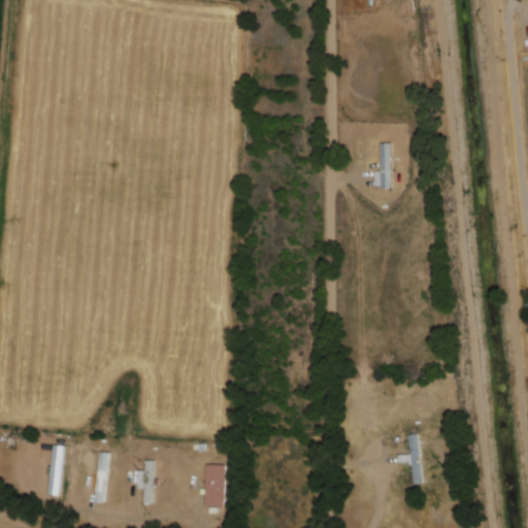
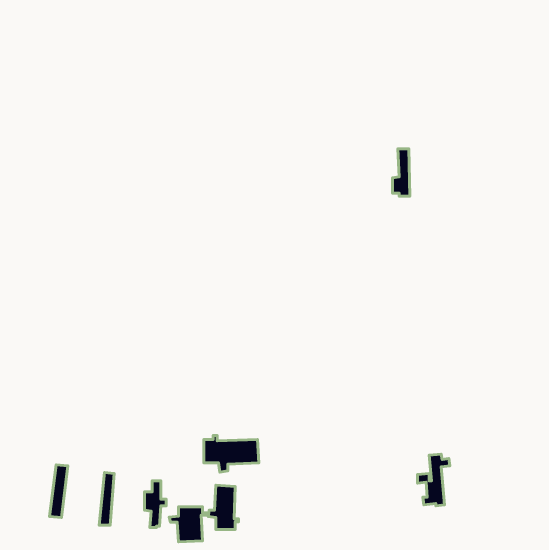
building: none -> [204,436,259,472]
building: none -> [169,507,207,542]

